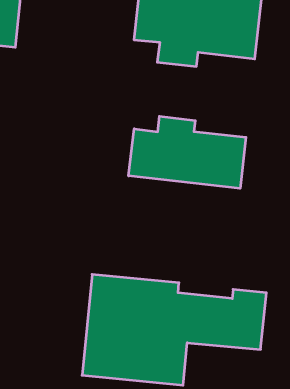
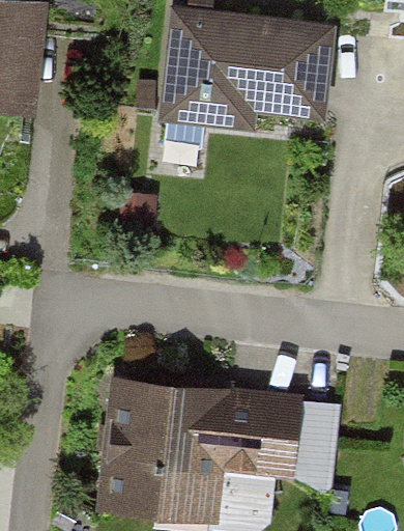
building: [129,116,246,188] -> none

